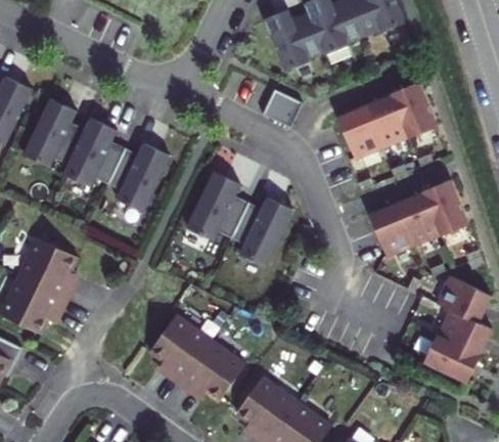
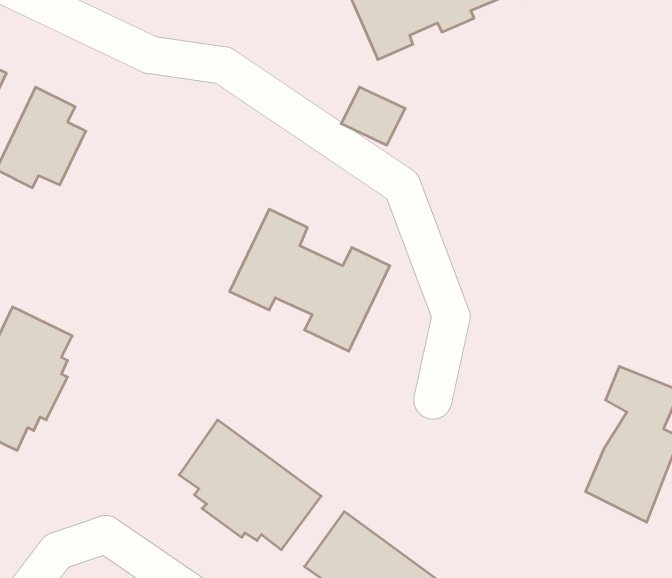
building: [338,84,434,157] -> none
building: [69,112,176,207] -> none
building: [365,181,465,257] -> none

